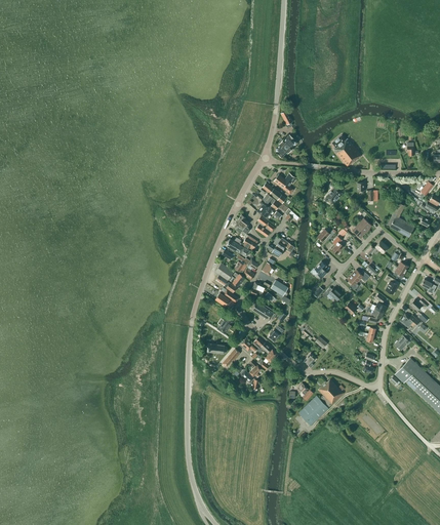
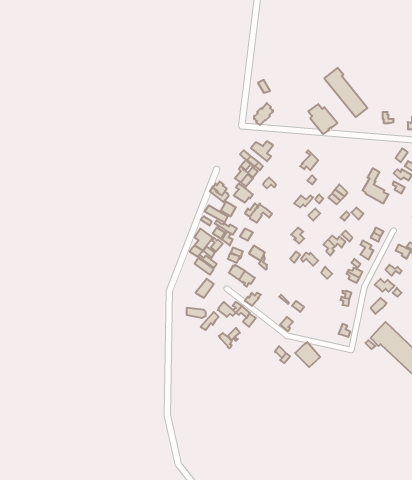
building: none -> [324,68,367,117]
building: [298,396,328,425] -> none

